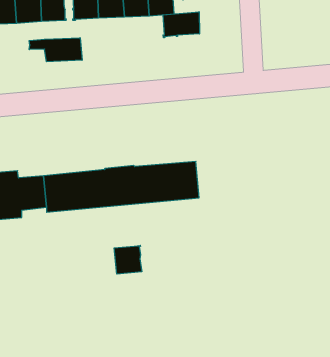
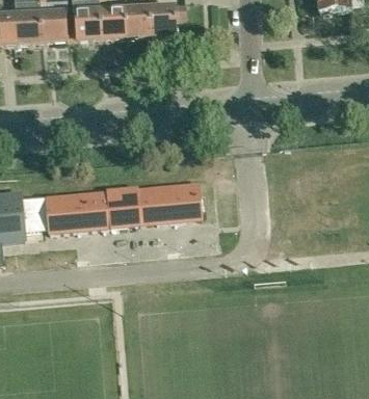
building: [163,12,199,38] -> none
building: [29,38,82,62] -> none
building: [114,245,142,274] -> none

